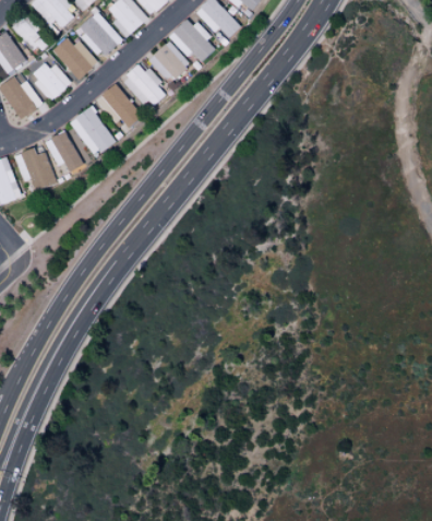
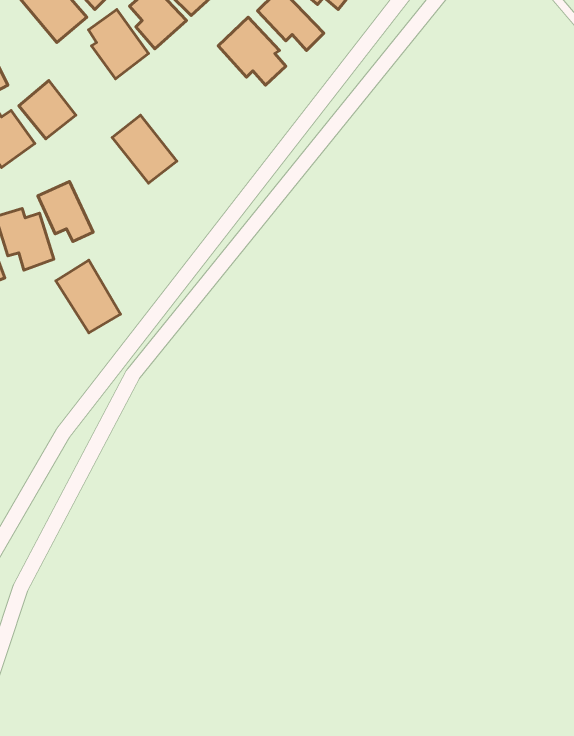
building: [52,37,98,79] -> none
building: [149,39,192,82] -> none
building: [123,63,168,106] -> none
building: [70,105,115,155] -> [56,260,121,333]

